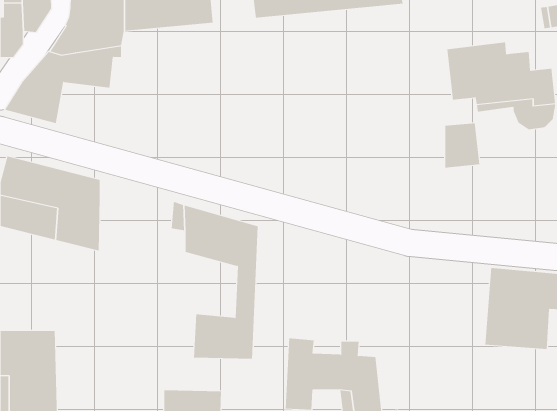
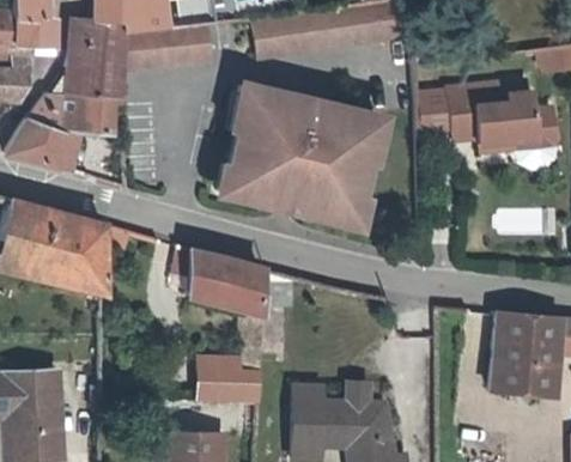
building: none -> [215,74,396,227]
building: [445,123,480,168] -> [421,91,457,136]

